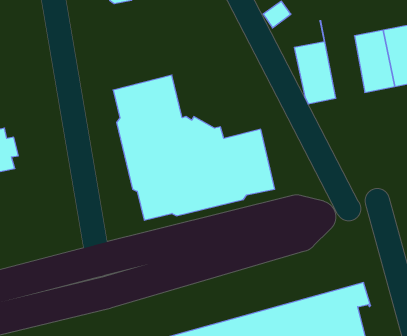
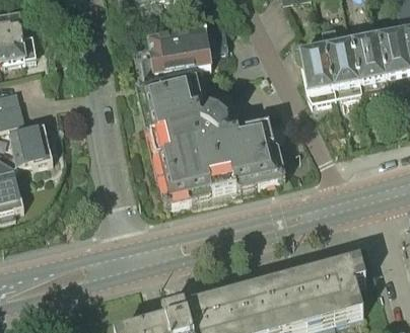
building: none -> [141,23,228,74]
building: none -> [323,23,361,94]

